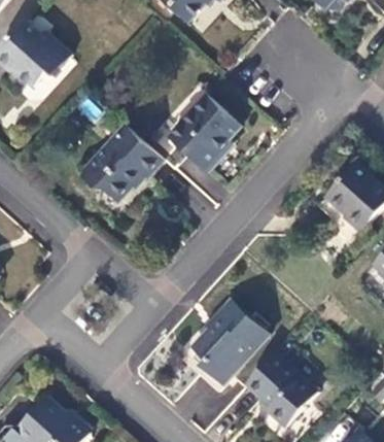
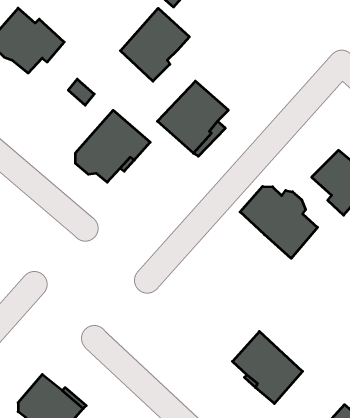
building: none -> [120,8,189,81]
building: none -> [240,186,318,258]
building: [190,300,264,383] -> none

